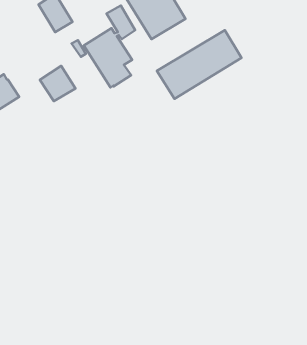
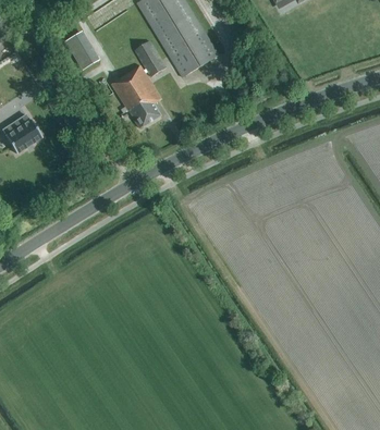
building: [157,30,242,99] -> none
building: [40,66,75,101] -> none

